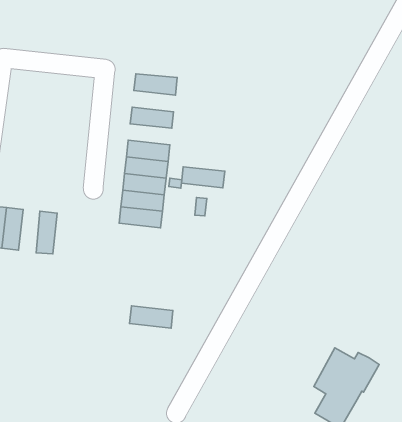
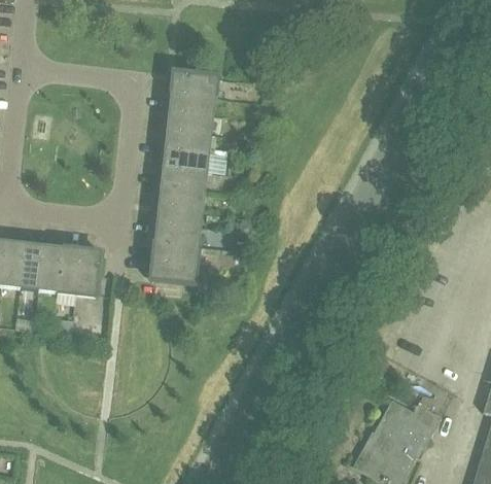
building: none -> [169,71,217,96]
building: none -> [165,110,213,134]
building: [181,167,225,188] -> [161,147,209,171]
building: none -> [38,243,62,291]
building: none -> [76,247,100,296]
building: [130,306,173,328] -> [148,258,197,283]

